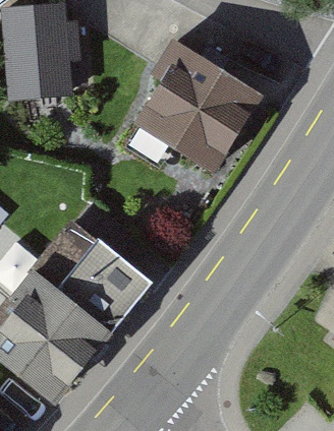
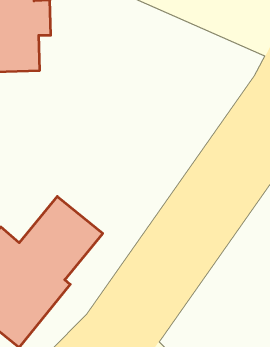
building: [133,51,254,167] -> none

